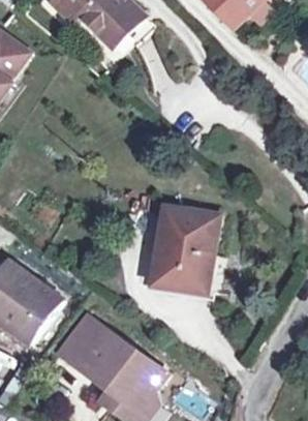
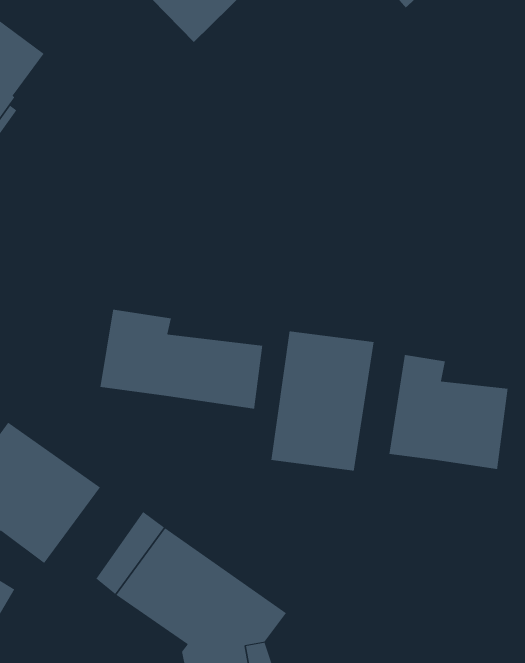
building: none -> [100,309,263,409]
building: none -> [389,354,508,470]

